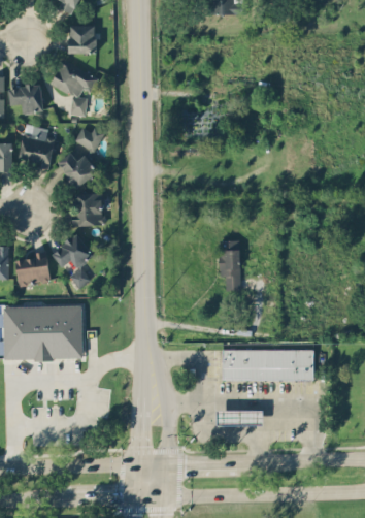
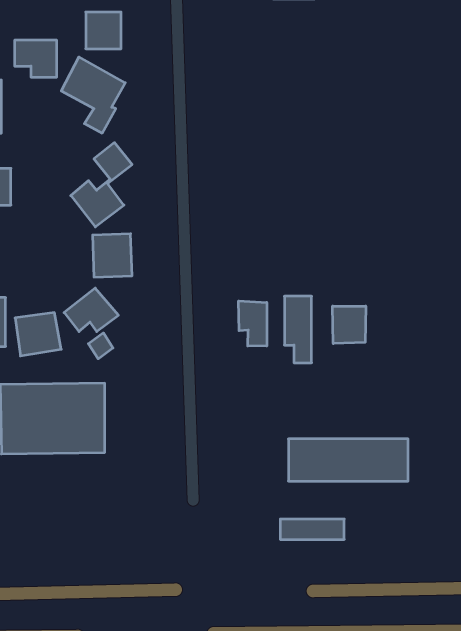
building: [10,85,42,112] -> [15,40,57,77]
building: [20,127,54,167] -> none
building: none -> [239,301,267,346]
building: none -> [333,306,366,344]

